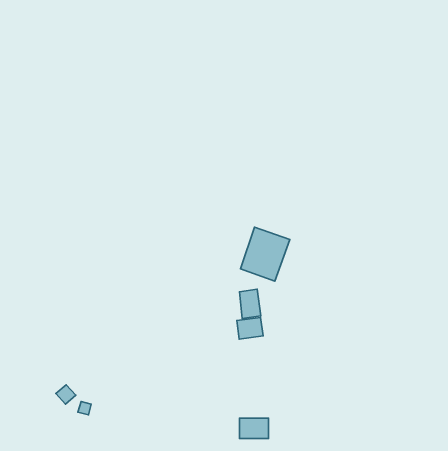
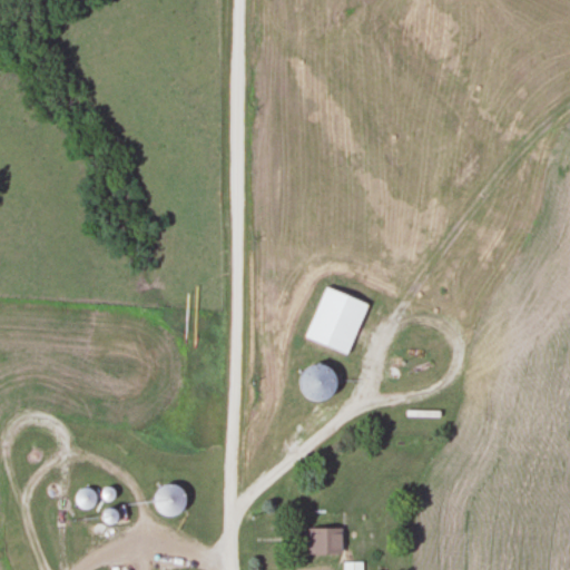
building: [237,317,263,339] -> none
building: none -> [160,484,180,514]

